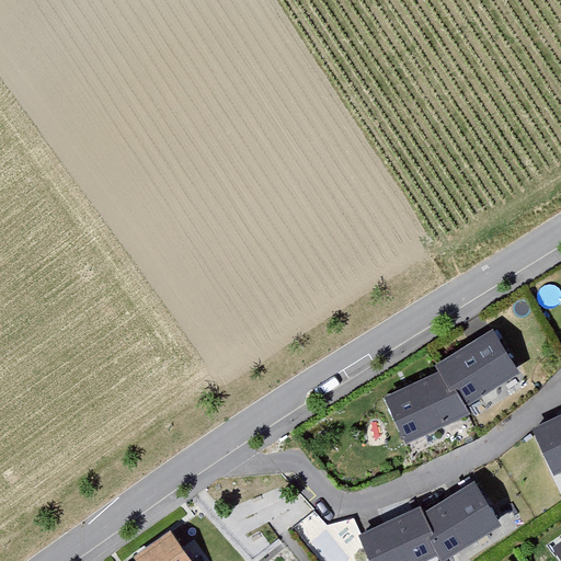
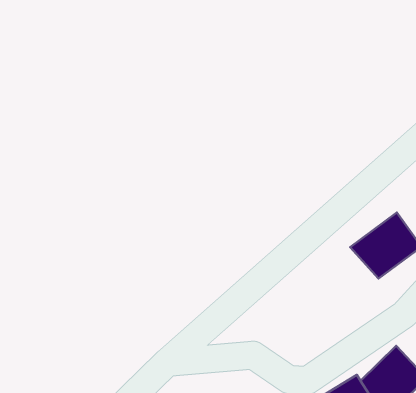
building: [381,370,471,443] -> none

